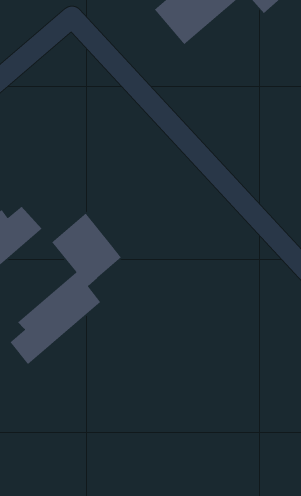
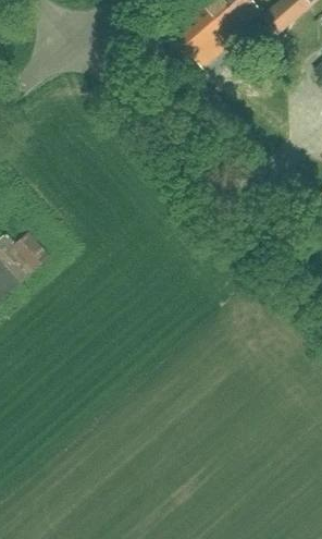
building: [9,213,122,365] -> none

